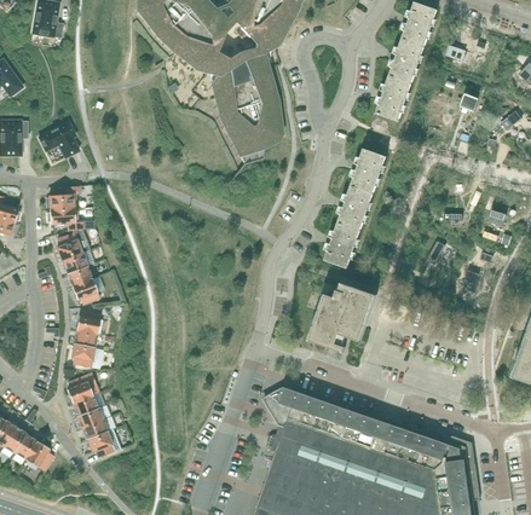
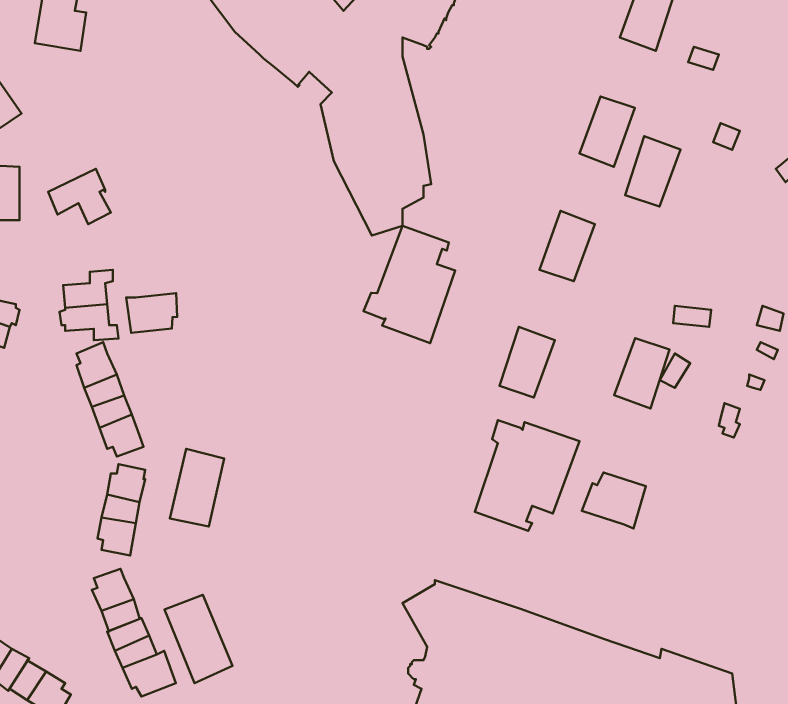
building: [388,39,423,83] -> [625,136,680,206]
building: none -> [364,226,455,343]
building: [336,186,371,231] -> [614,338,670,409]
building: none -> [126,293,177,333]
building: none -> [170,449,224,526]
building: none -> [582,472,646,529]
building: none -> [165,595,233,683]

